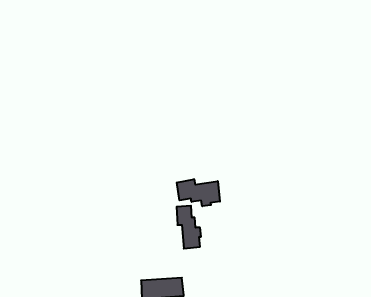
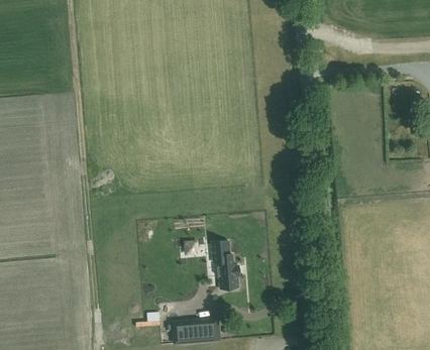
building: [177,179,220,206] -> none

